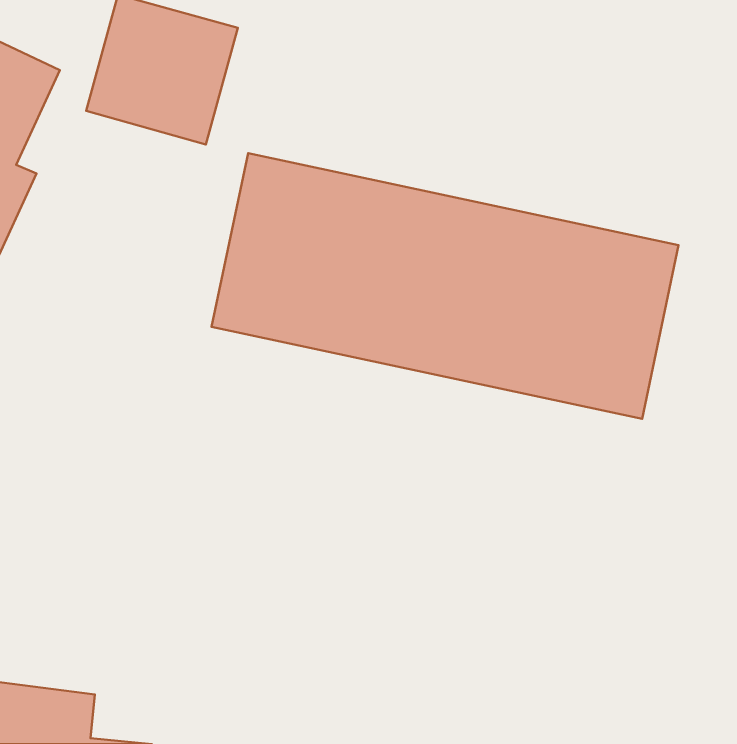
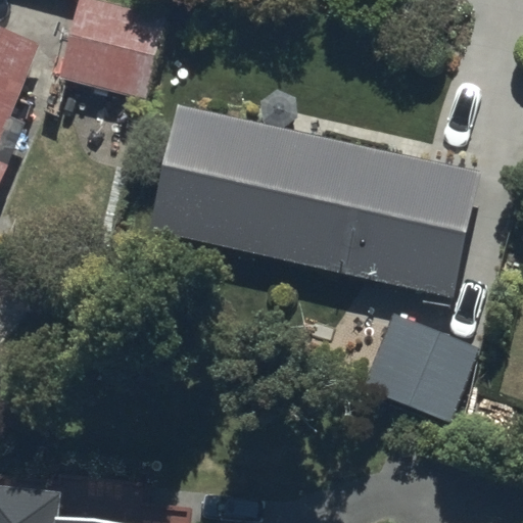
building: none -> [359,312,480,423]

